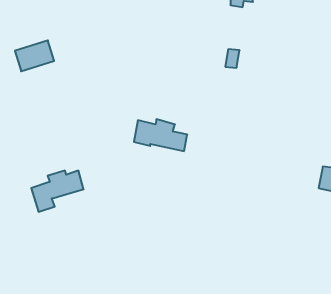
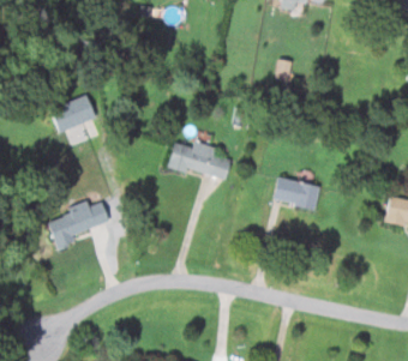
building: [15,40,54,71] -> [50,96,96,132]
building: none -> [274,180,318,207]

